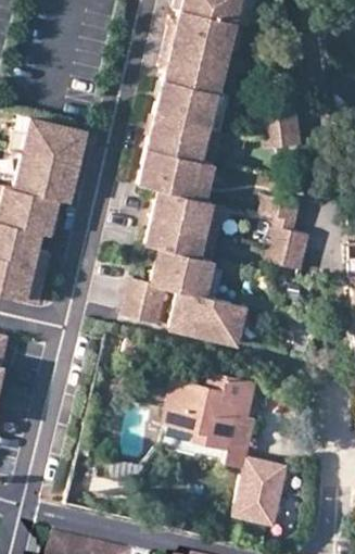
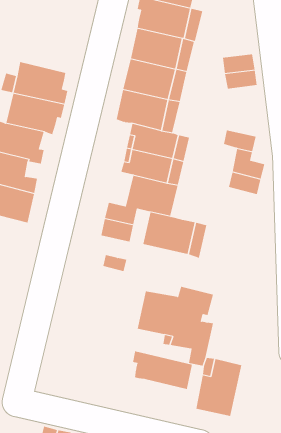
building: none -> [133,350,193,390]

